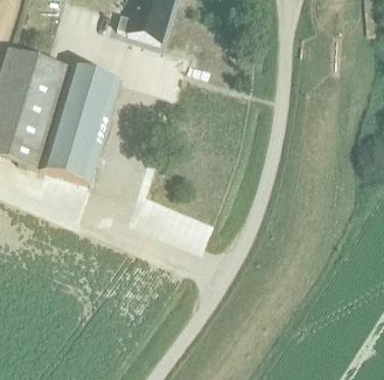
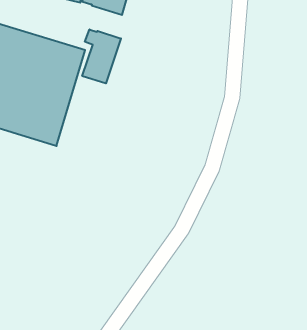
building: none -> [82,29,121,83]

